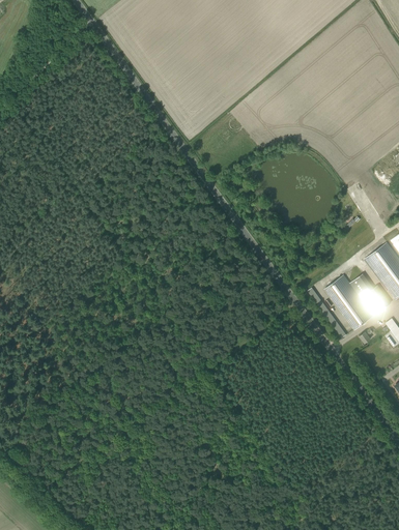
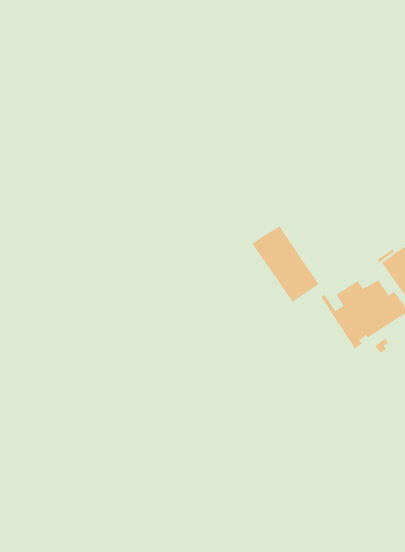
building: none -> [252,226,319,303]

